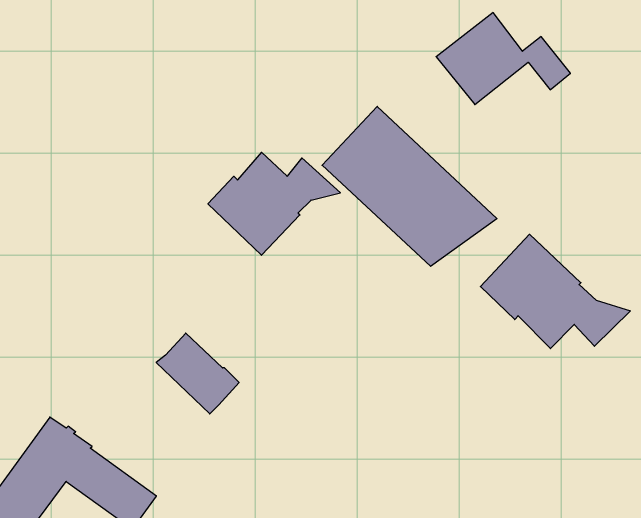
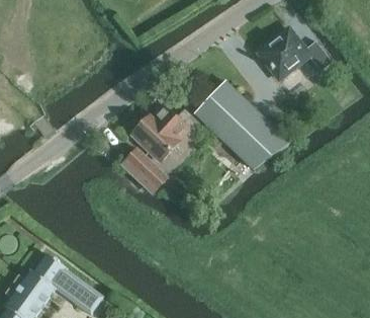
building: [480,234,630,349] -> none
building: [156,333,239,414] -> [120,149,166,193]

